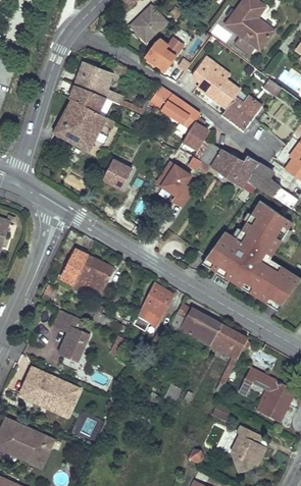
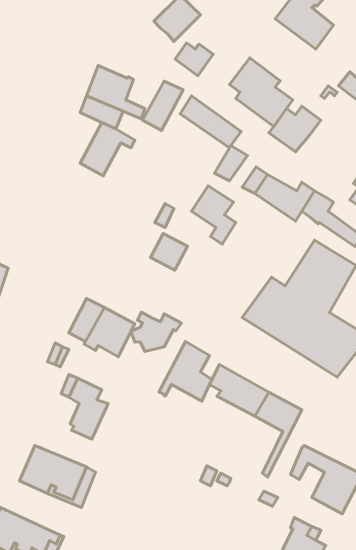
building: [54,100,87,140] -> [143,81,183,130]
building: [102,159,132,188] -> [151,233,187,270]
building: none -> [131,312,181,352]

